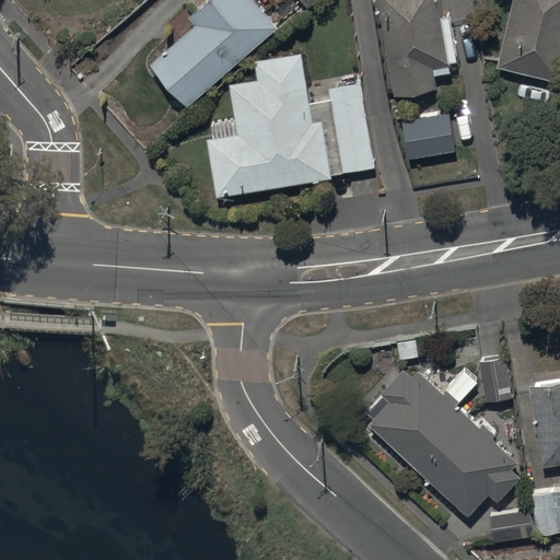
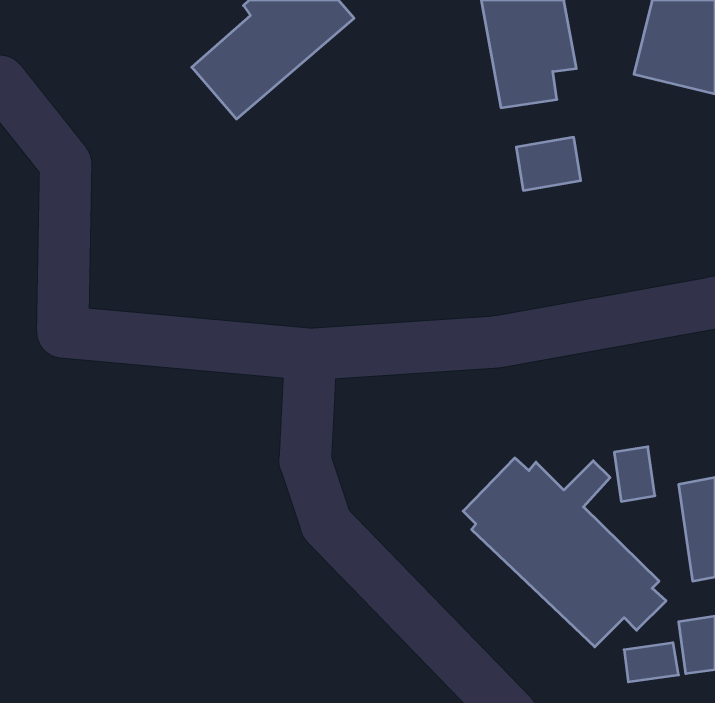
building: [207,56,374,197] -> none

